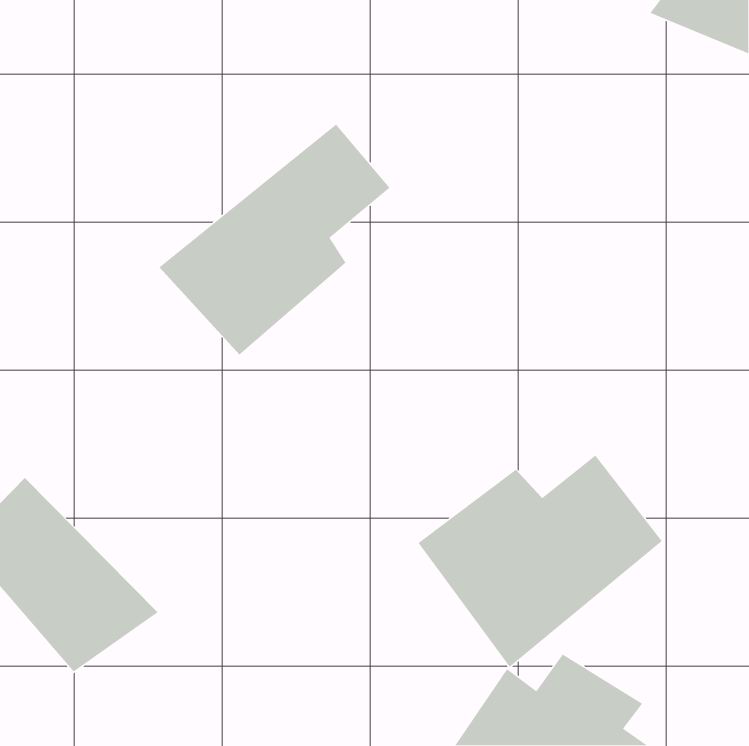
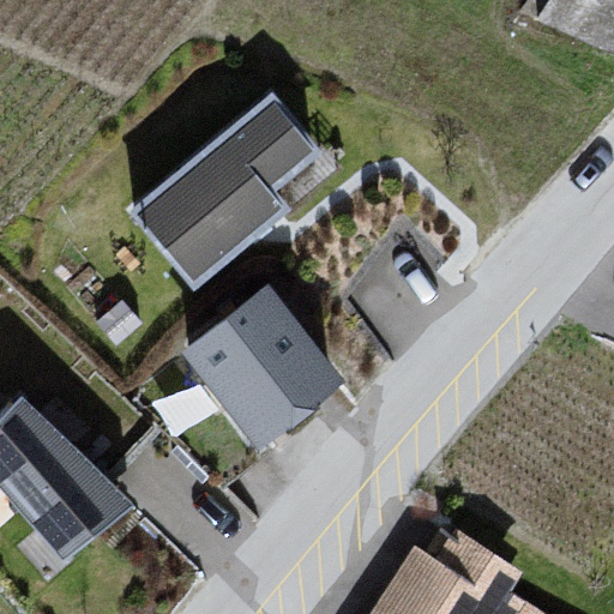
building: none -> [183,287,343,456]
building: [417,455,663,668] -> none

